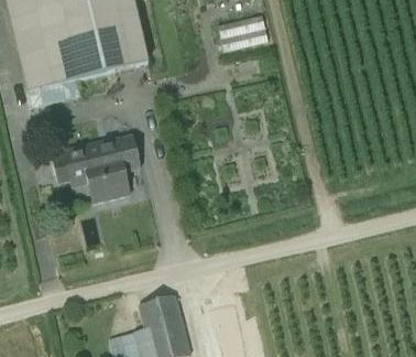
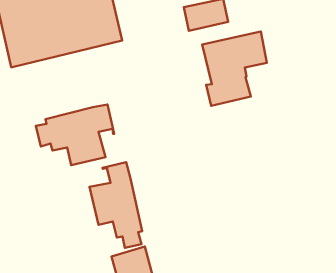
building: none -> [202,31,267,106]
building: none -> [89,162,142,248]

